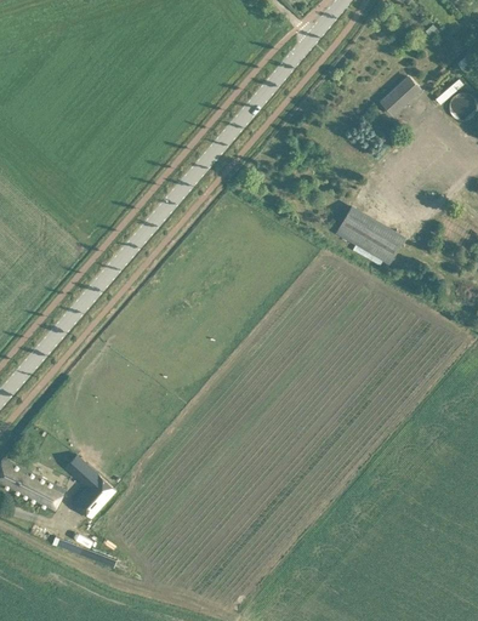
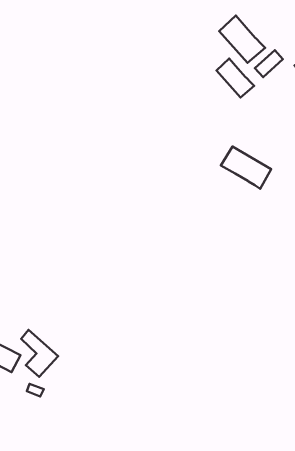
building: none -> [219,16,265,63]
building: none -> [216,58,254,97]

